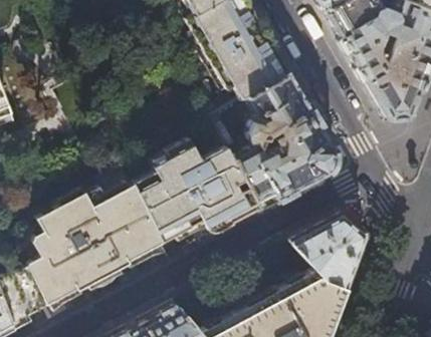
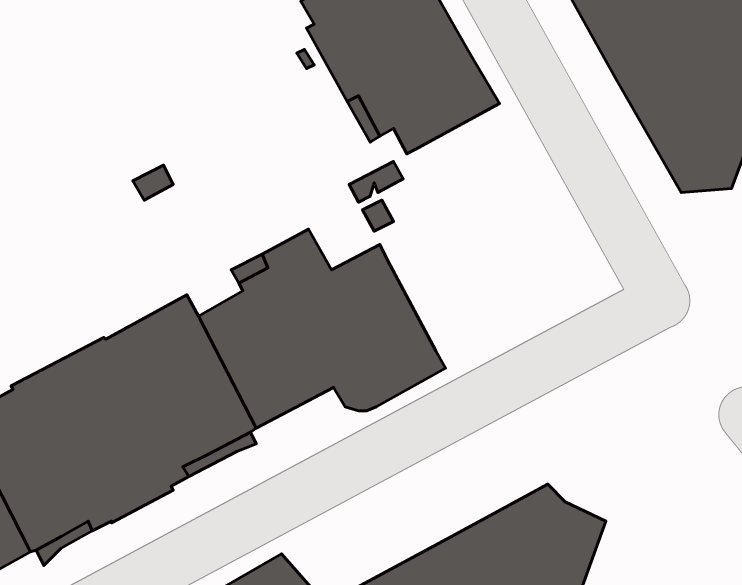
building: [235,71,338,209] -> none
building: [291,212,369,288] -> none

